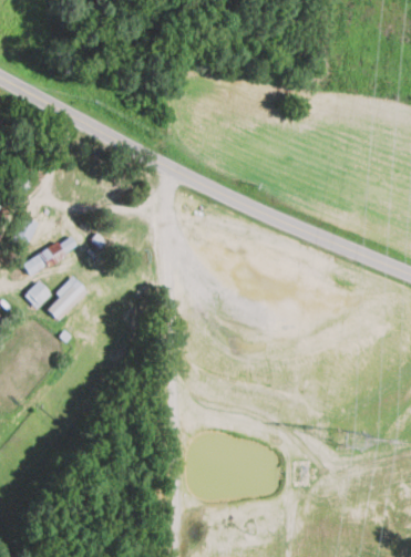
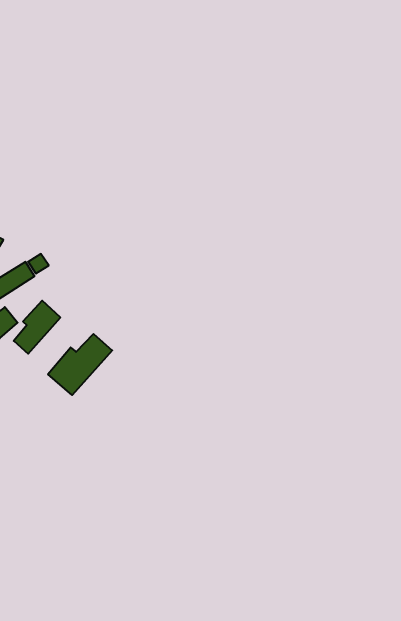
building: none -> [48,334,112,395]

